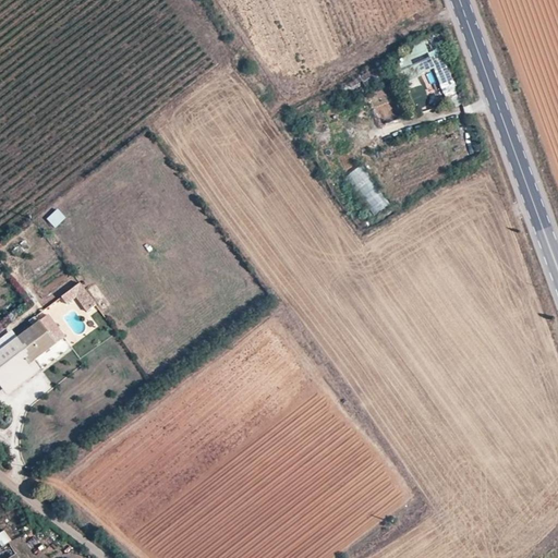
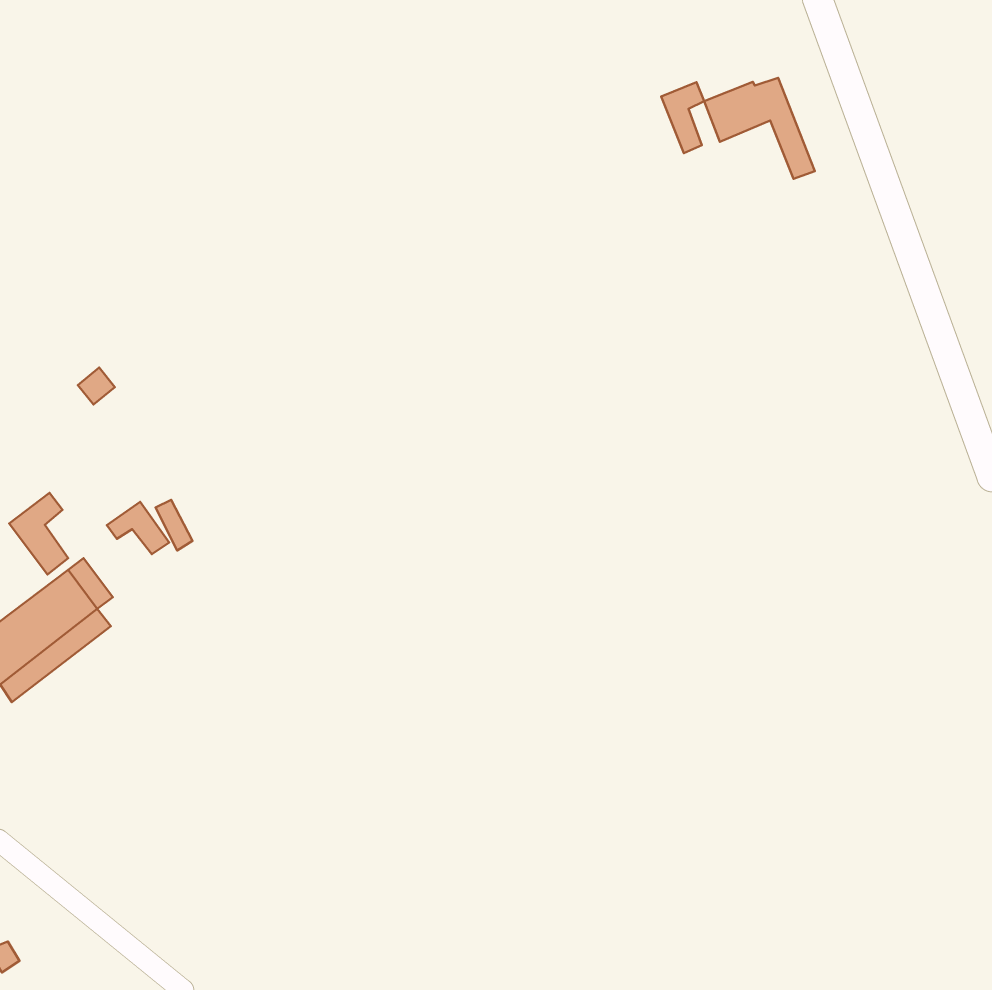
building: none -> [661,82,704,153]
building: none -> [9,493,68,575]

